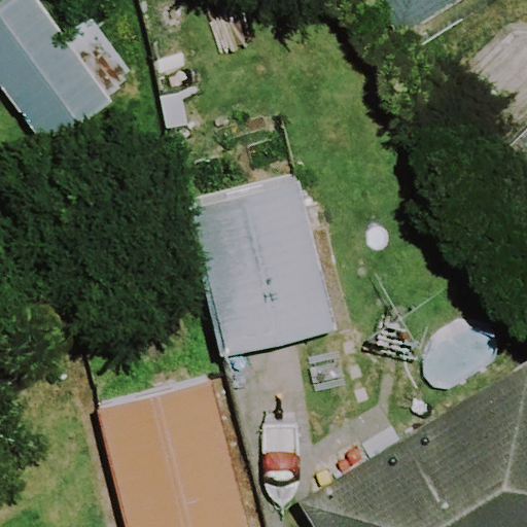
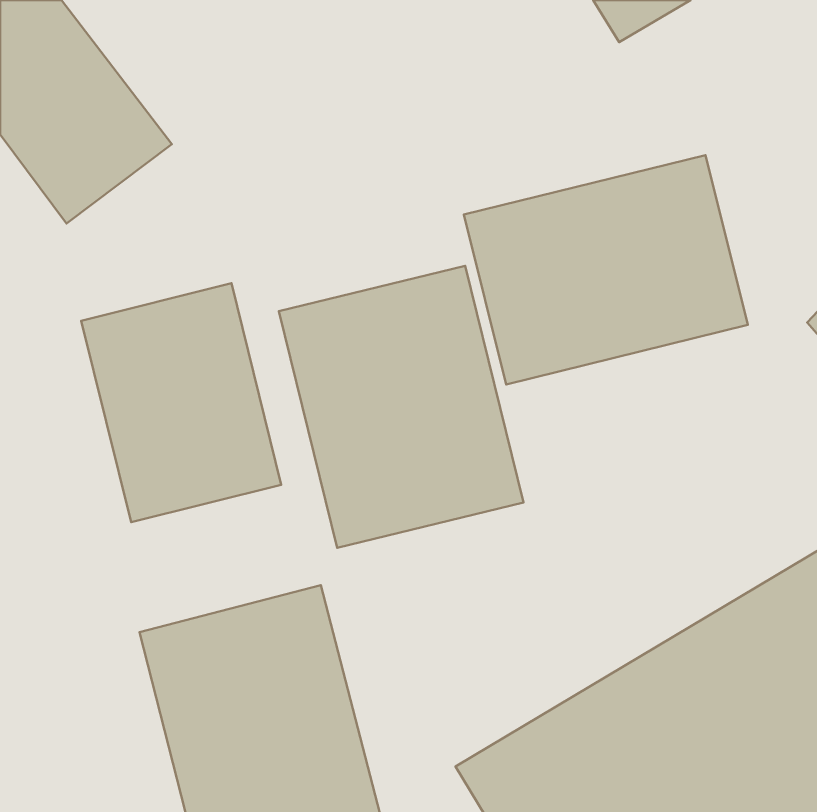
building: none -> [464,155,748,384]
building: none -> [81,283,281,522]

